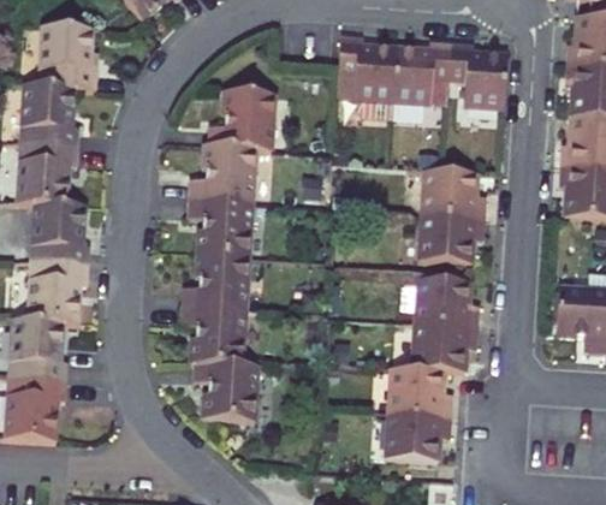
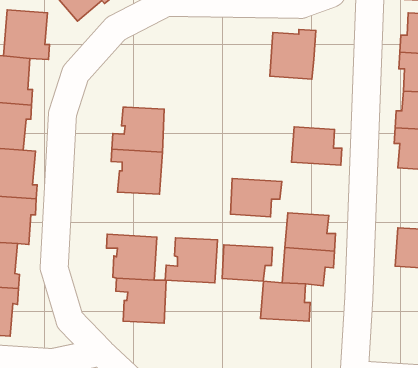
building: [337,35,397,118] -> none
building: [450,43,509,109] -> none
building: [208,85,278,145] -> none
building: [418,213,485,262] -> [230,179,282,217]
building: [184,251,251,309] -> [165,238,218,283]
building: [379,414,444,461] -> [222,245,273,281]

